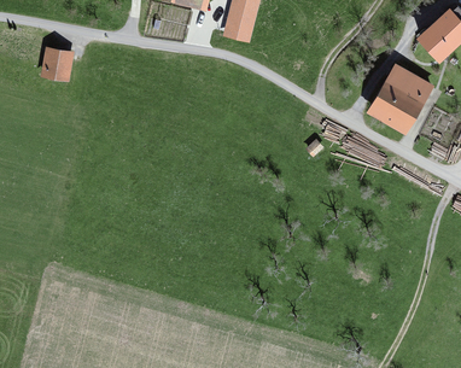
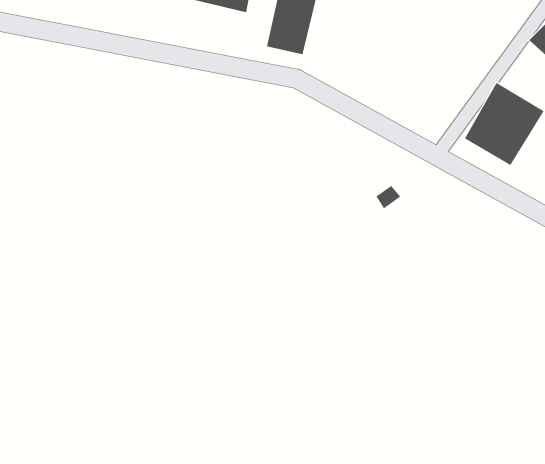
building: [37,48,74,80] -> none

